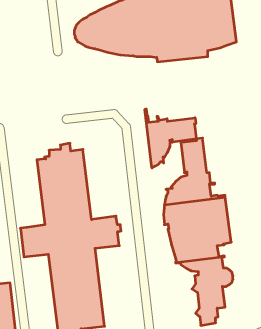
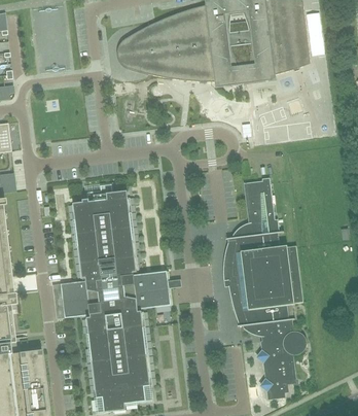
building: [145,109,196,168] -> none

